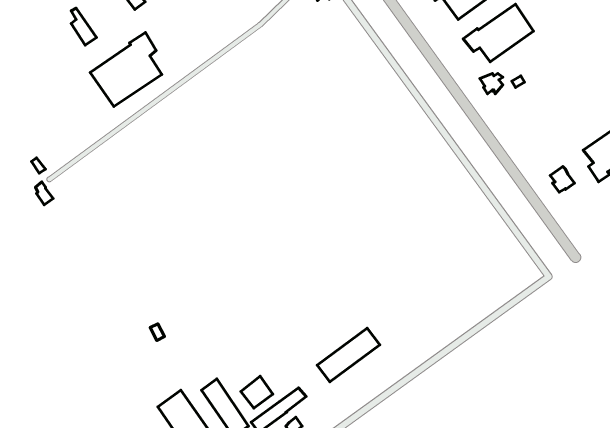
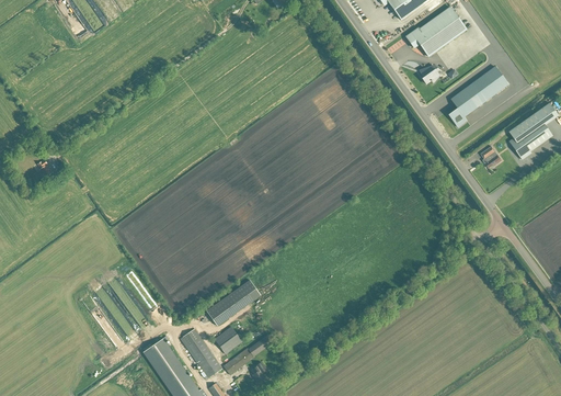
building: [90,33,162,106] -> none
building: none -> [448,66,508,125]
building: [317,328,380,382] -> [207,280,261,326]

